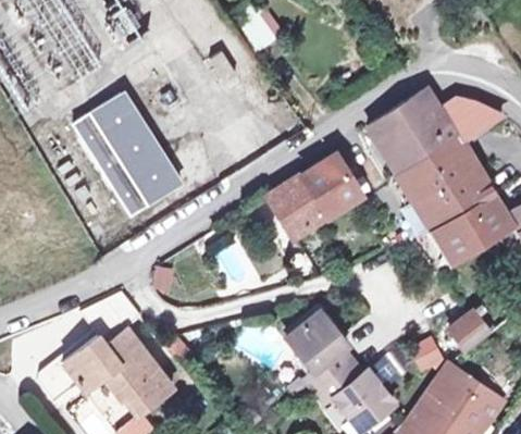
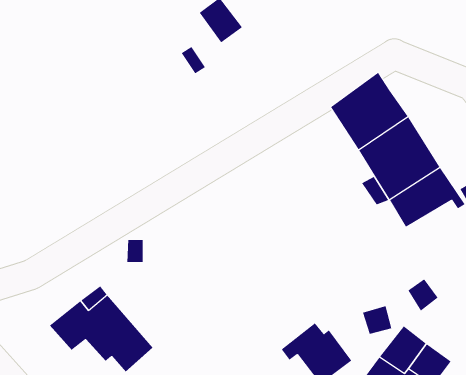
building: [437,97,504,138] -> none
building: [74,104,179,225] -> none
building: [271,153,365,237] -> none
building: [289,310,356,392] -> none

